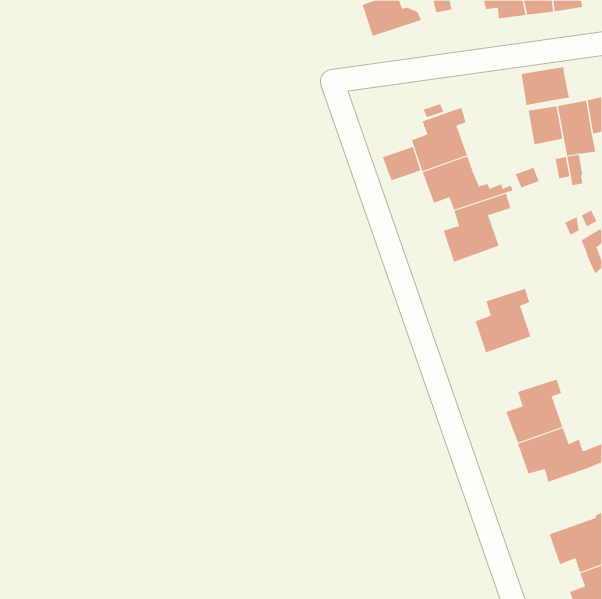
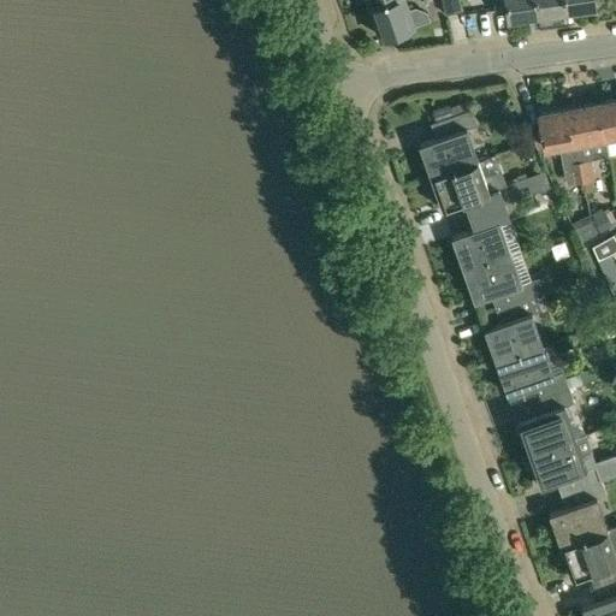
building: [521,67,569,106] -> none
building: [382,146,421,181] -> none
building: none -> [463,254,552,310]
building: none -> [496,346,584,403]
building: none -> [549,481,608,549]

